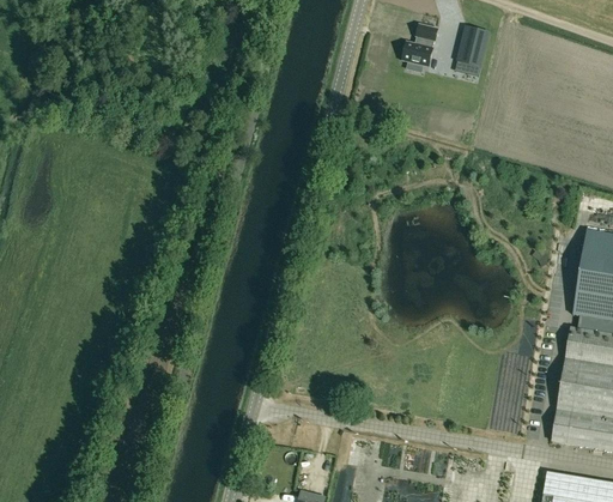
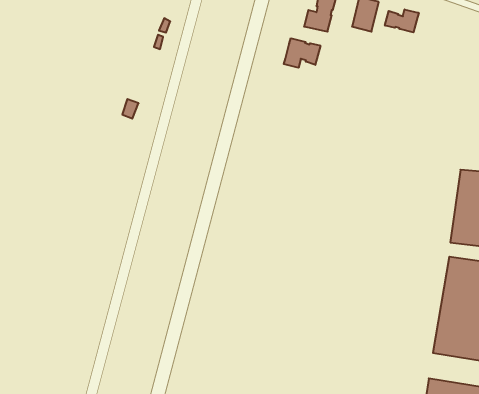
building: none -> [385,9,419,32]
building: none -> [284,38,320,68]

